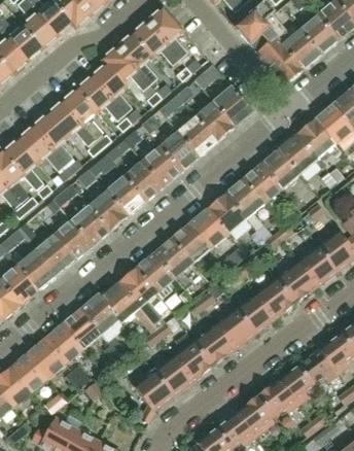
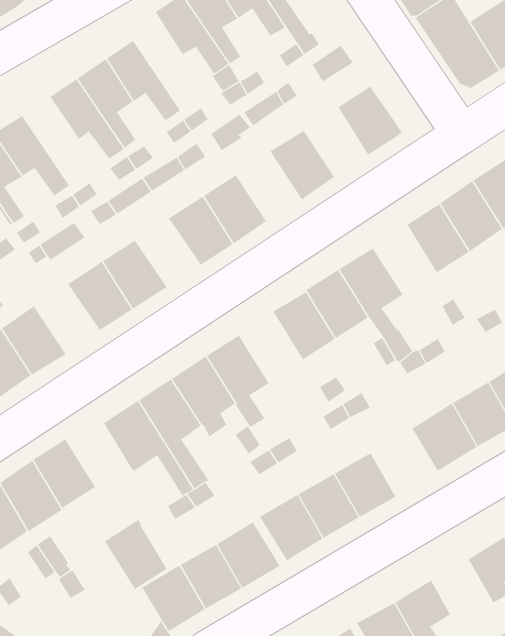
building: [93,58,131,112] -> none
building: [197,100,235,140] -> none
building: [34,113,72,163] -> none
building: [161,130,200,170] -> none
building: [244,163,282,203] -> none
building: [107,175,146,214] -> none
building: [54,219,93,259] -> none
building: [173,221,211,263] -> none
building: [256,279,295,319] -> none
building: [80,292,118,334] -> [104,519,167,590]
building: [299,350,337,383] -> none

